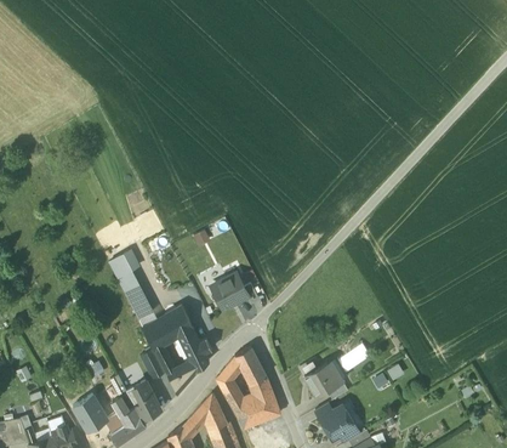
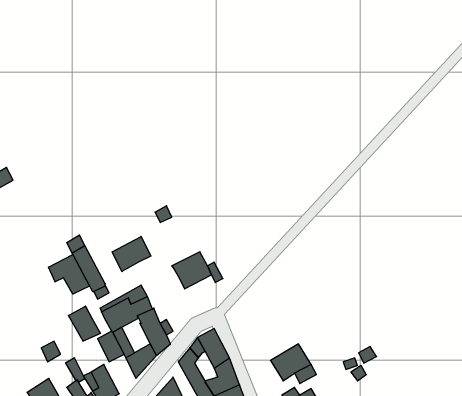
building: none -> [112,236,151,272]
building: none -> [49,255,90,294]
building: none -> [68,306,100,341]

